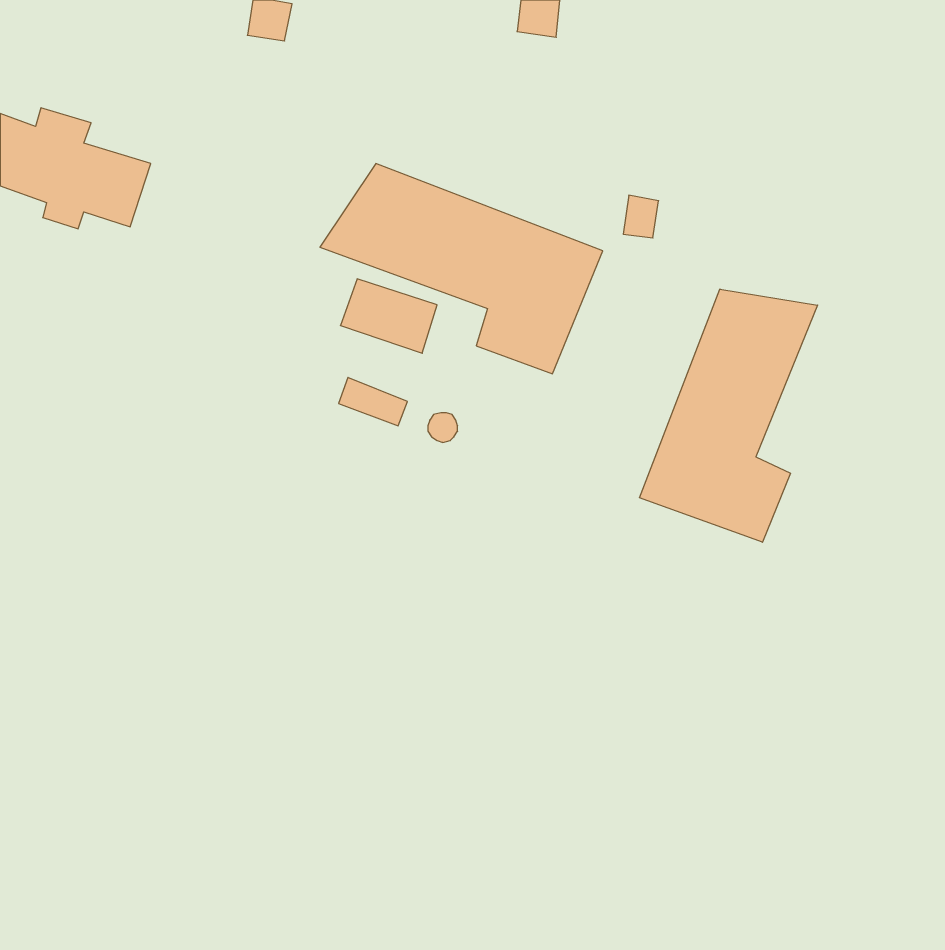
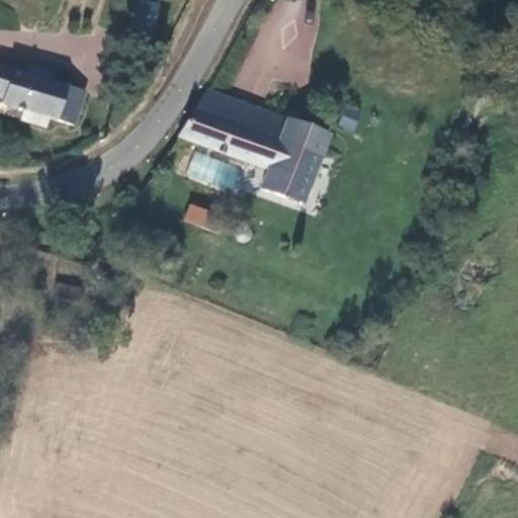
building: [640,289,818,542] -> none

